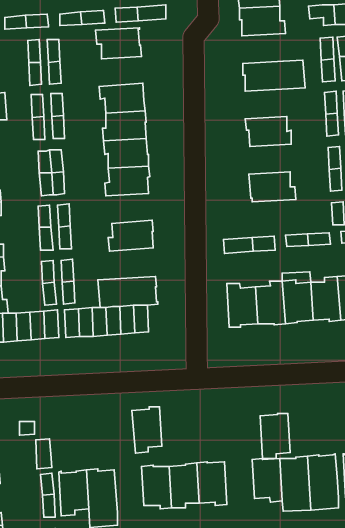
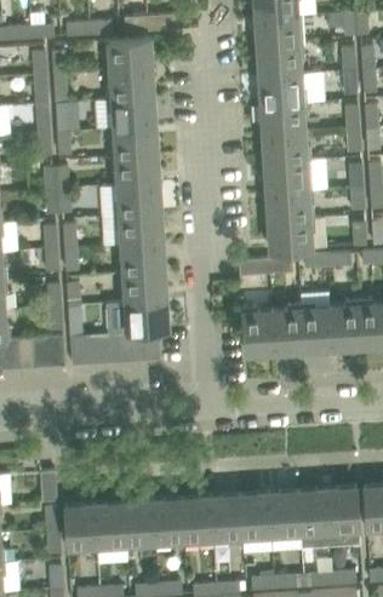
building: none -> [258,45,304,76]
building: none -> [108,69,154,101]
building: none -> [262,103,308,134]
building: none -> [265,161,311,193]
building: none -> [115,213,164,245]
building: none -> [269,219,315,252]
building: none -> [119,270,167,303]
building: [132,407,162,453] -> [124,500,155,549]
building: [260,413,290,458] -> [240,493,271,540]

